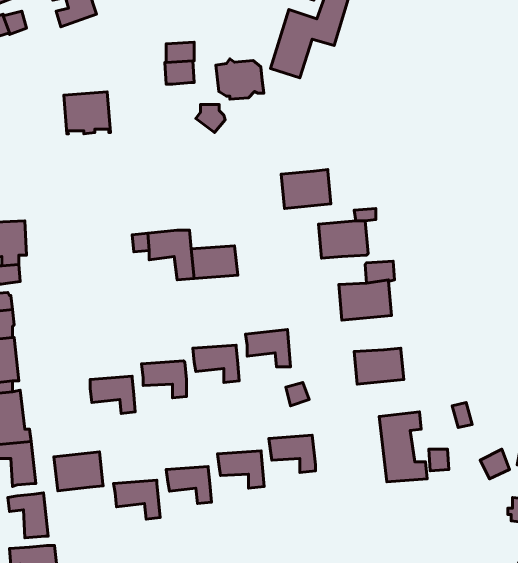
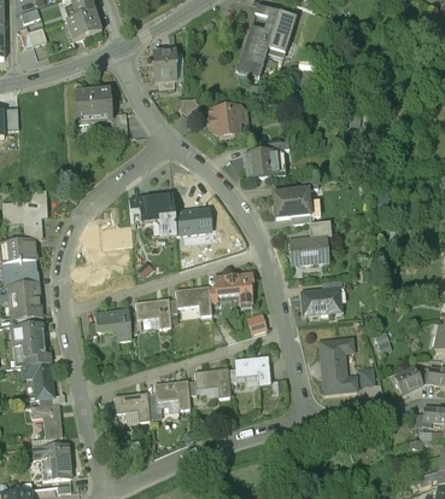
building: [216,59,264,99] -> [209,106,246,138]
building: [54,452,103,491] -> none

